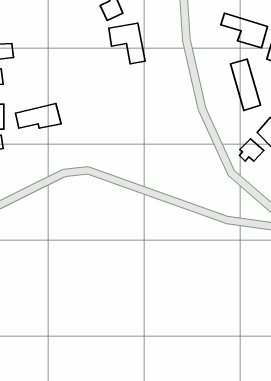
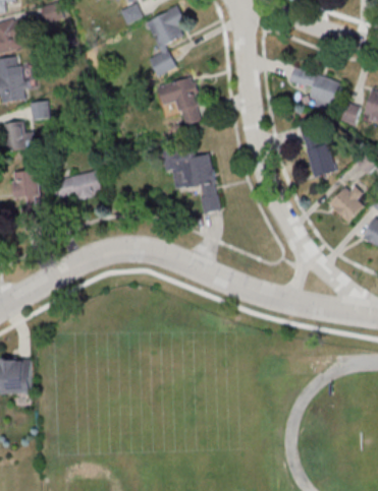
building: none -> [162,145,219,213]
building: [239,139,264,161] -> none

